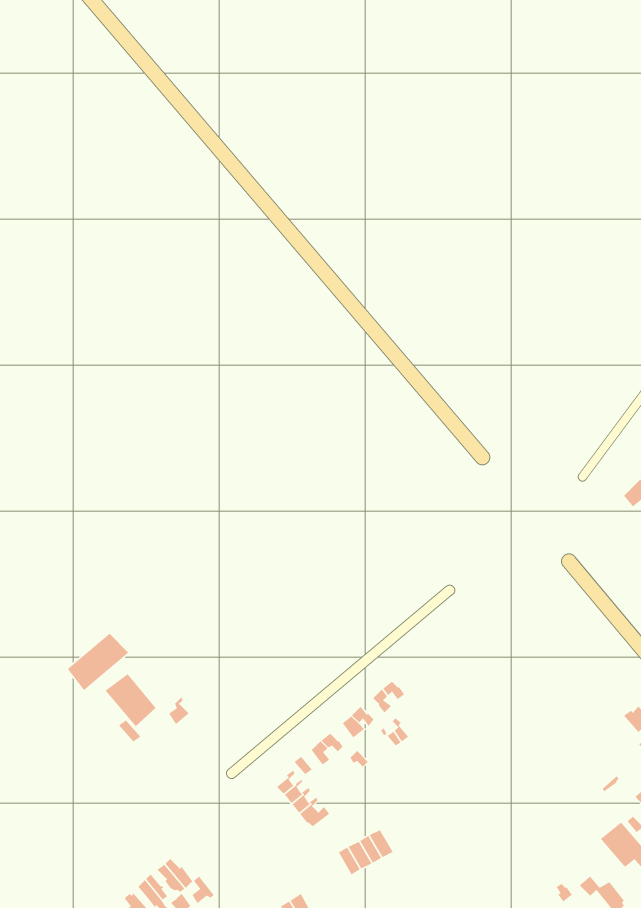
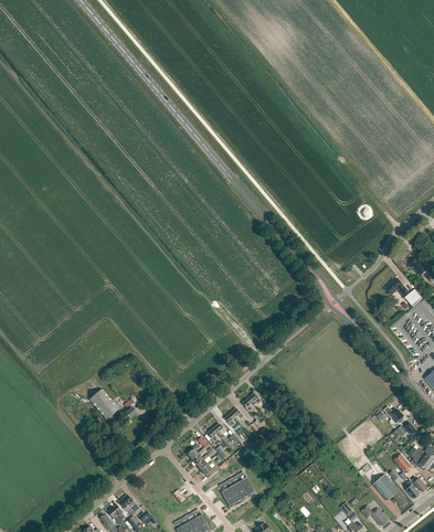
building: [67,633,129,691] -> none

